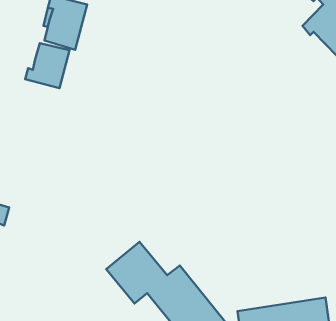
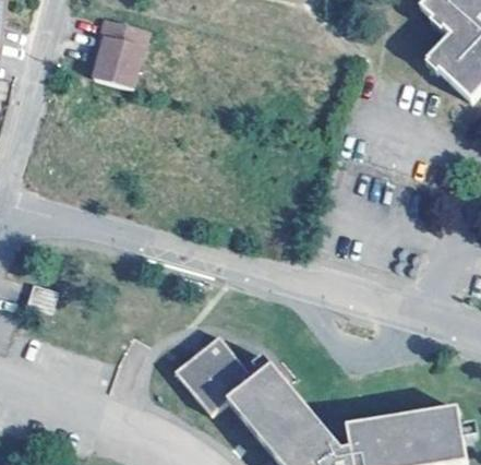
building: [25,43,70,88] -> none

